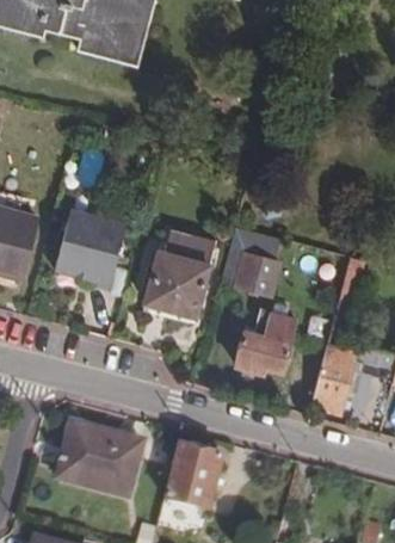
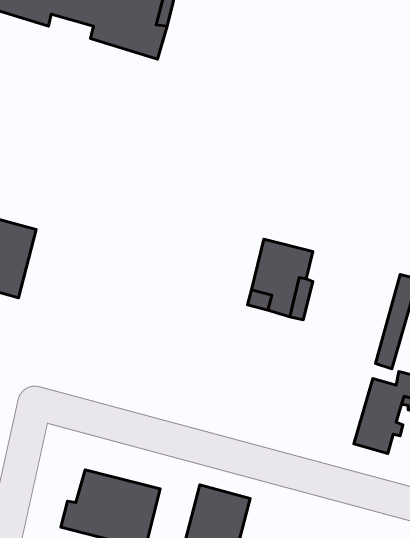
building: [51,209,123,289] -> none
building: [137,229,212,317] -> none
building: [239,313,298,372] -> none

